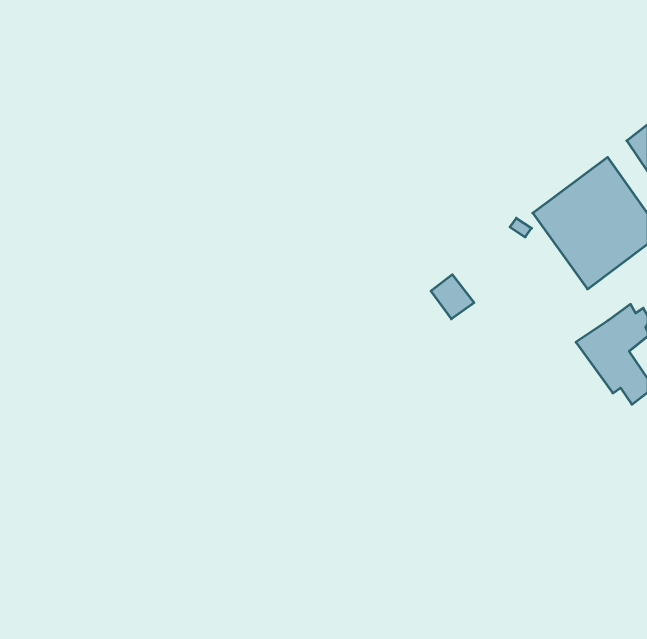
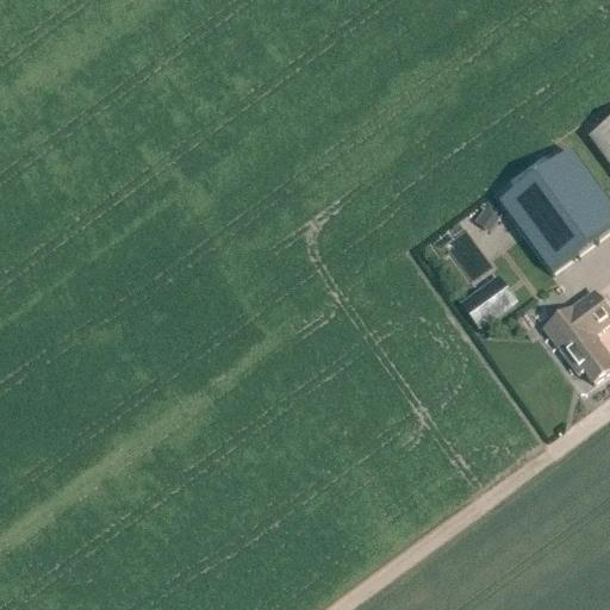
building: [431,275,474,319] -> [461,285,502,326]

